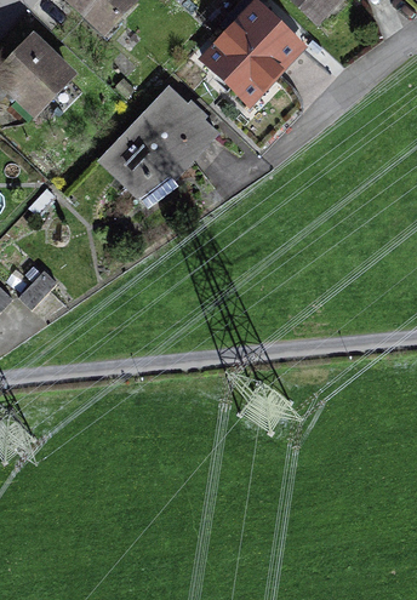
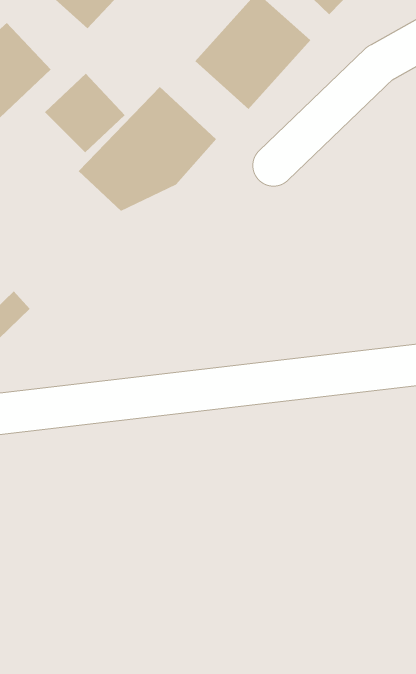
building: none -> [44,73,125,153]

